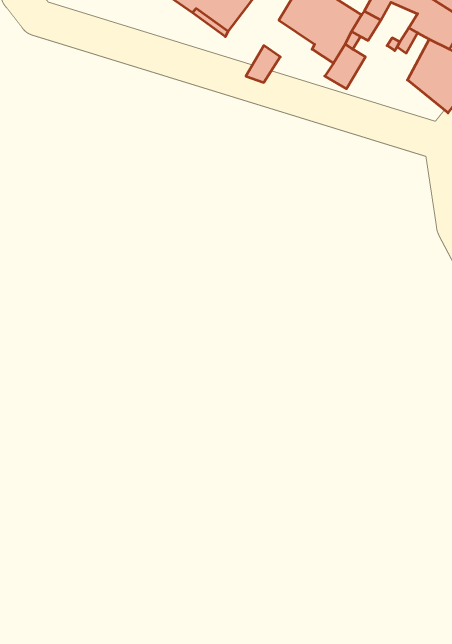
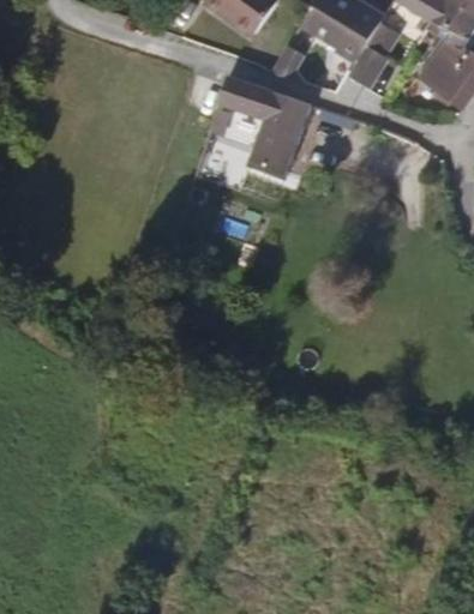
building: none -> [220,76,311,175]

